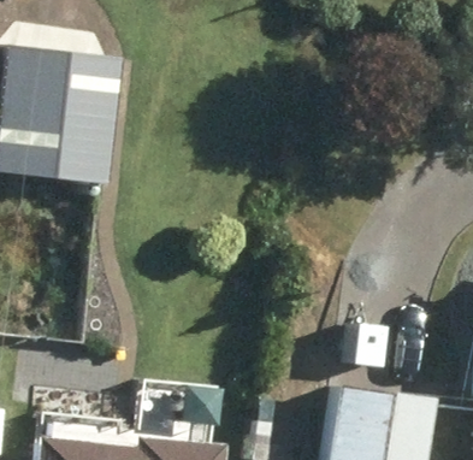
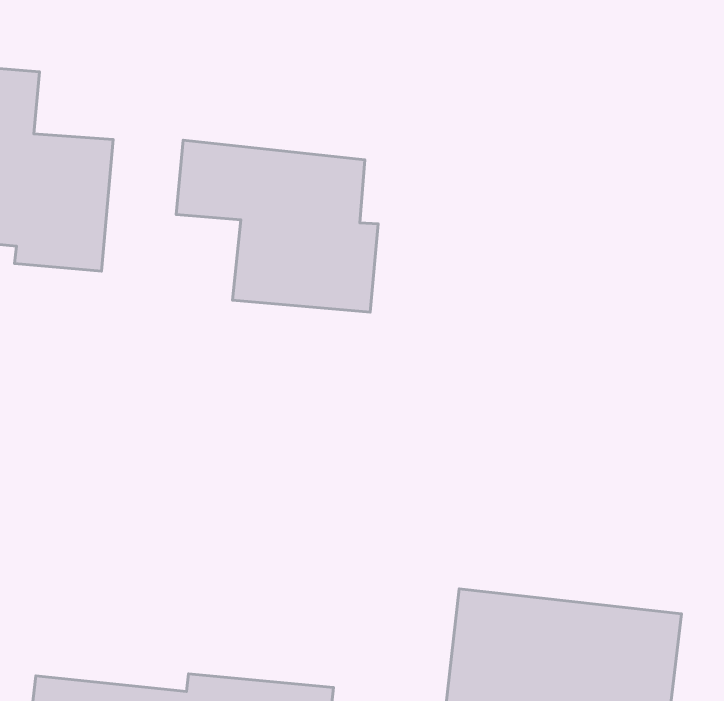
building: none -> [176,140,378,312]

